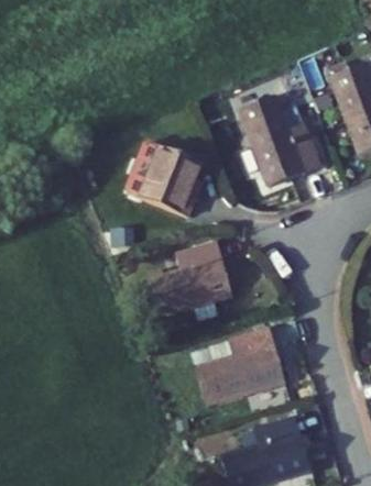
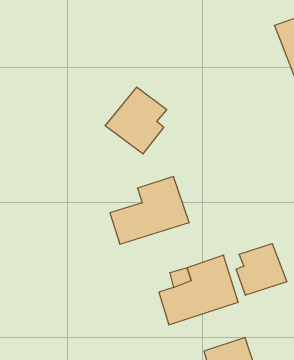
building: [243,80,325,172] -> none
building: none -> [236,244,287,295]

